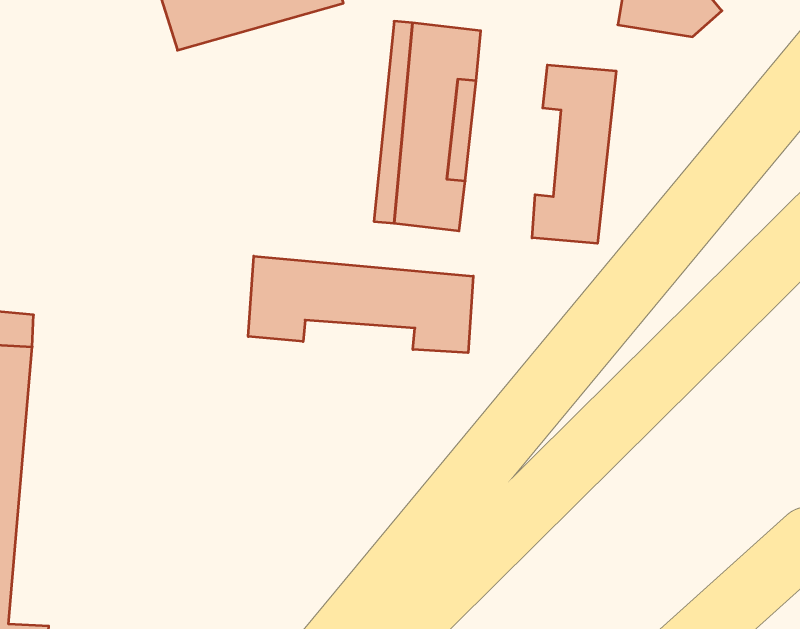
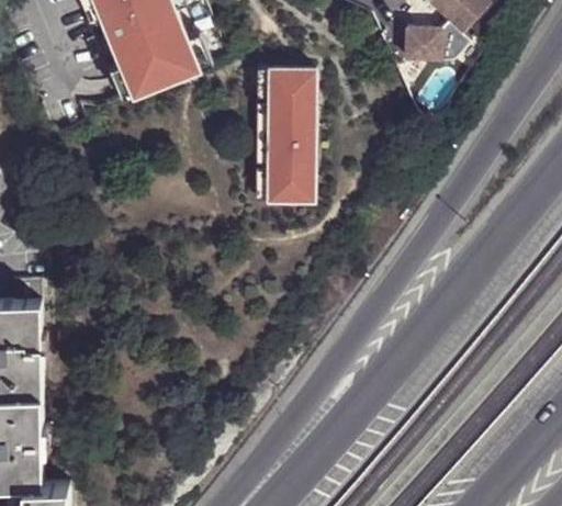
building: [532,65,616,243] -> none
building: [248,256,473,353] -> none

